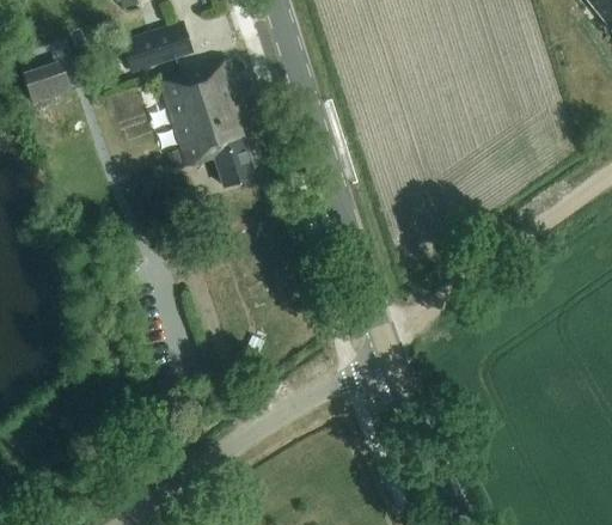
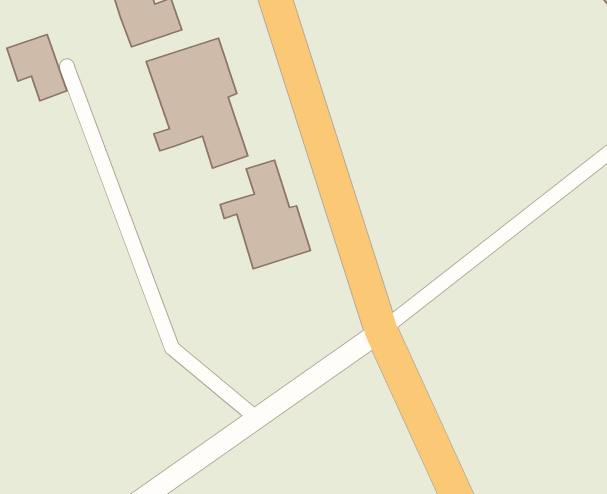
building: none -> [220,160,310,269]

